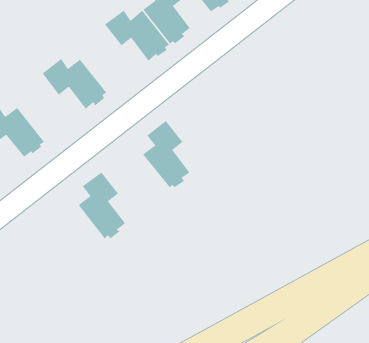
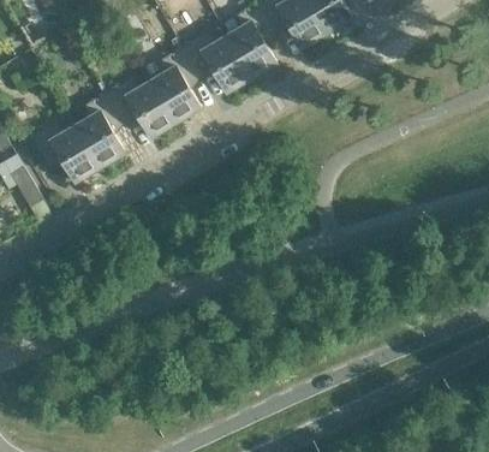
building: [142,120,190,188] -> [150,46,201,121]
building: [78,172,126,240] -> [74,91,125,167]

